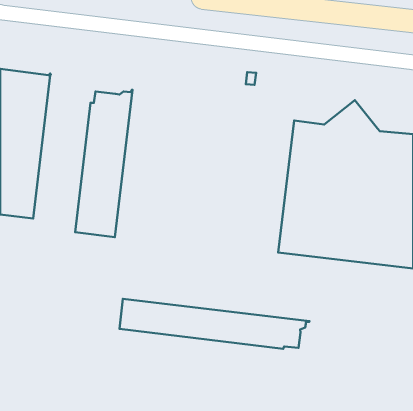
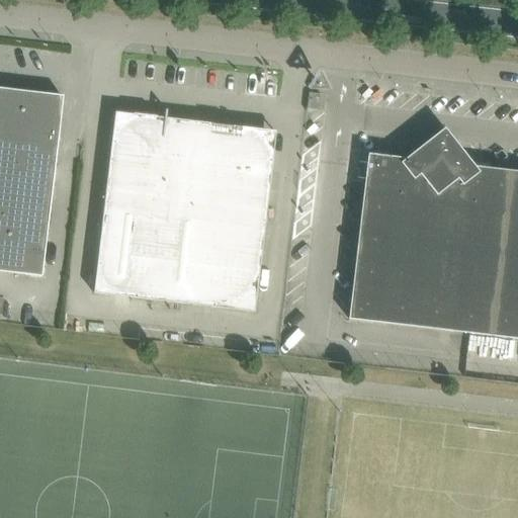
building: none -> [144,112,273,310]
building: [119,299,309,349] -> none

